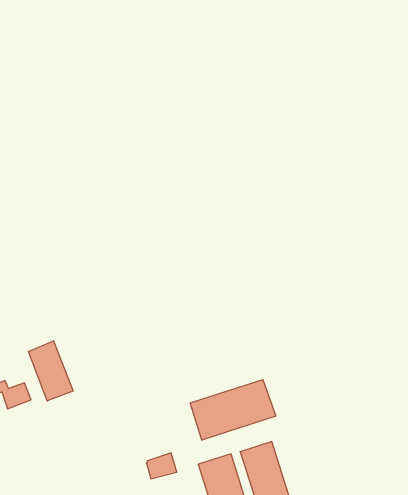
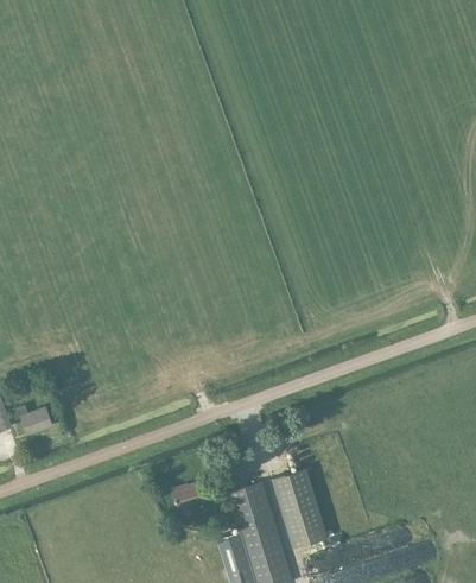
building: [28,341,73,401] -> none
building: [190,380,276,440] -> none

